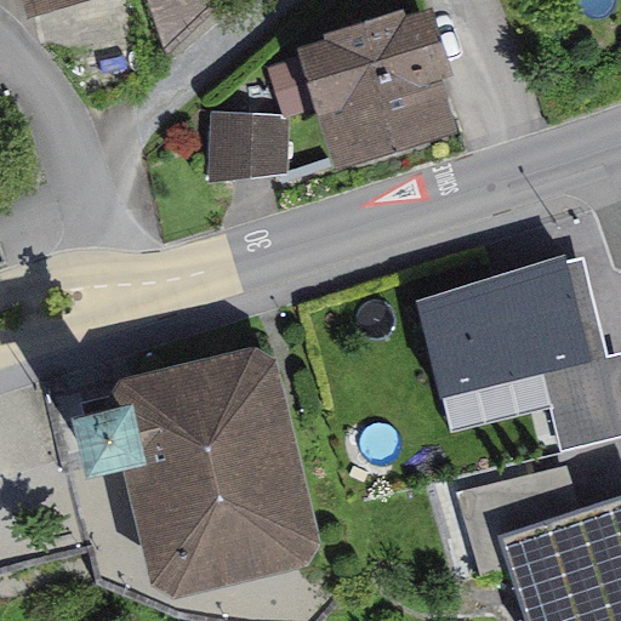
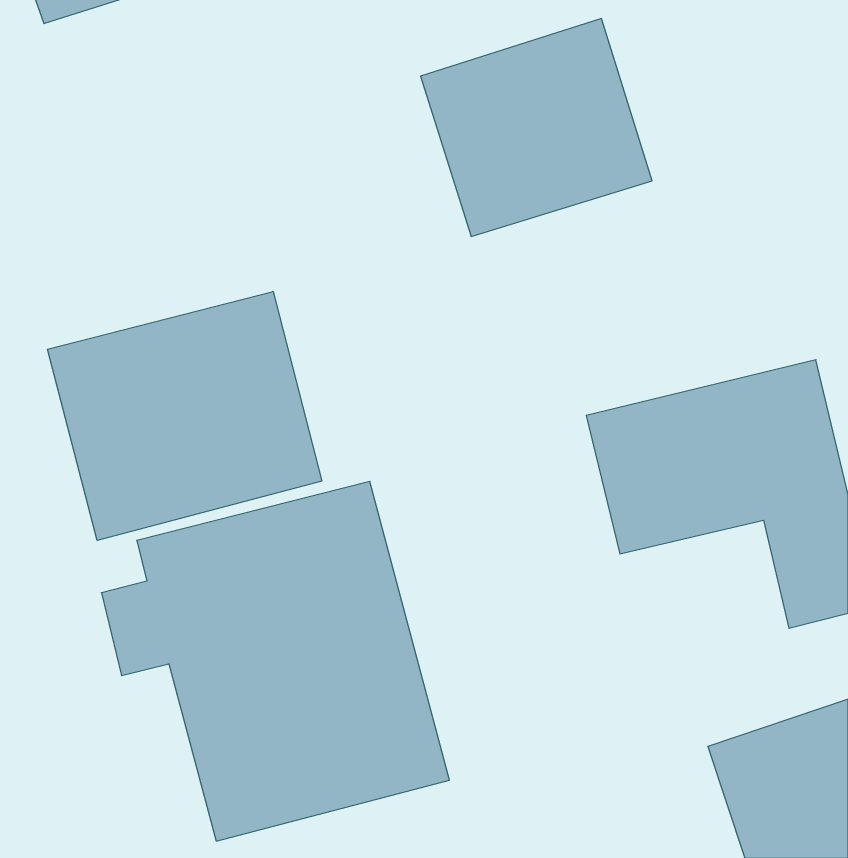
building: [201,93,287,170] -> none
building: none -> [47,291,322,540]

